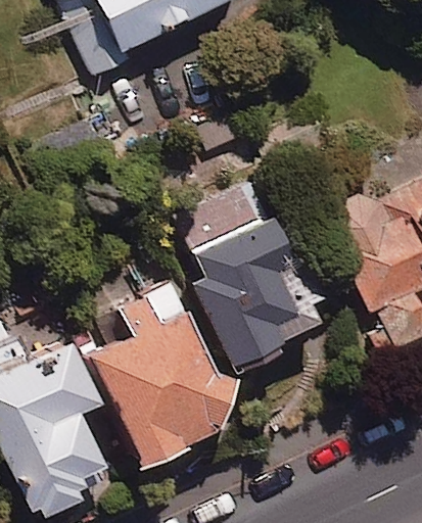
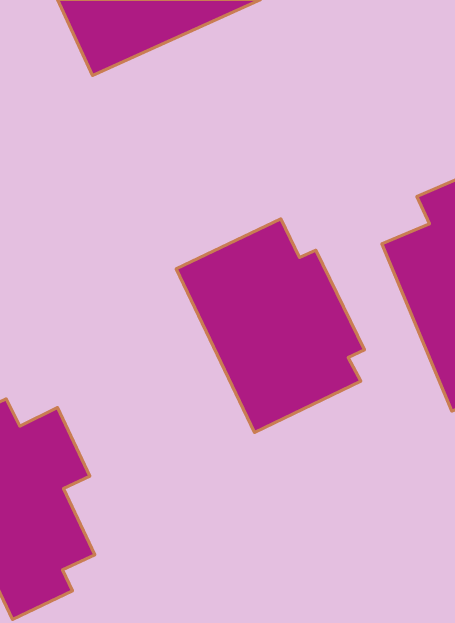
building: [93,289,236,466] -> none

